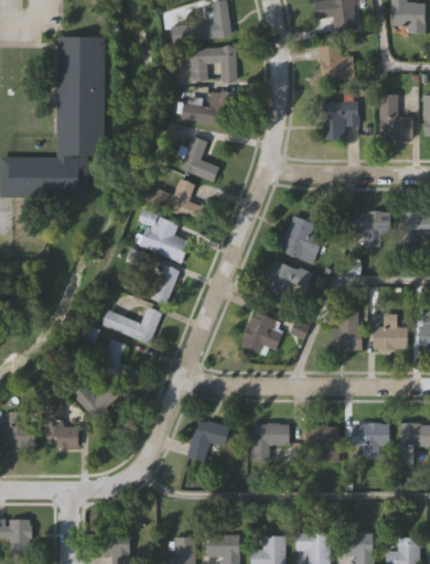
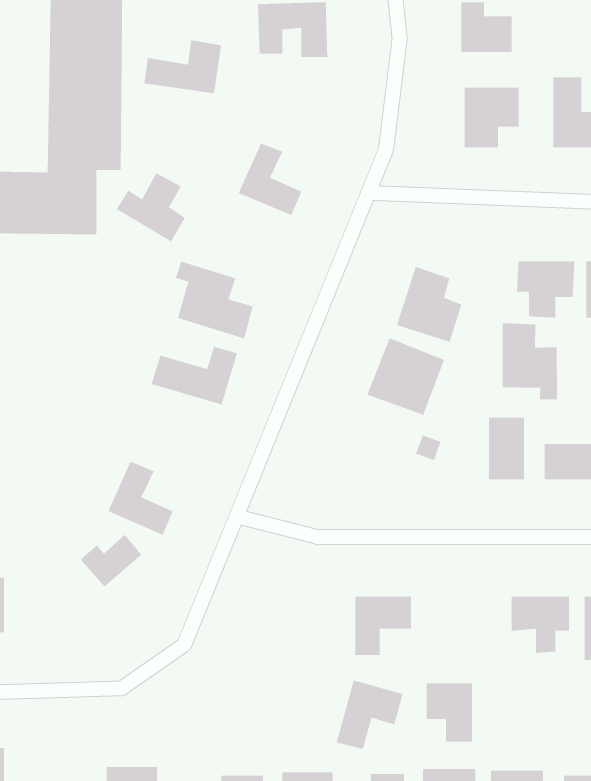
building: [181,91,230,126] -> [144,40,222,94]
building: [153,177,197,221] -> [116,173,185,242]
building: none -> [502,323,557,400]
building: [103,306,162,345] -> none
building: [239,311,283,358] -> none
building: [45,405,78,448] -> none
building: [186,419,229,463] -> [336,680,404,749]
building: [309,425,338,463] -> [426,683,473,742]

